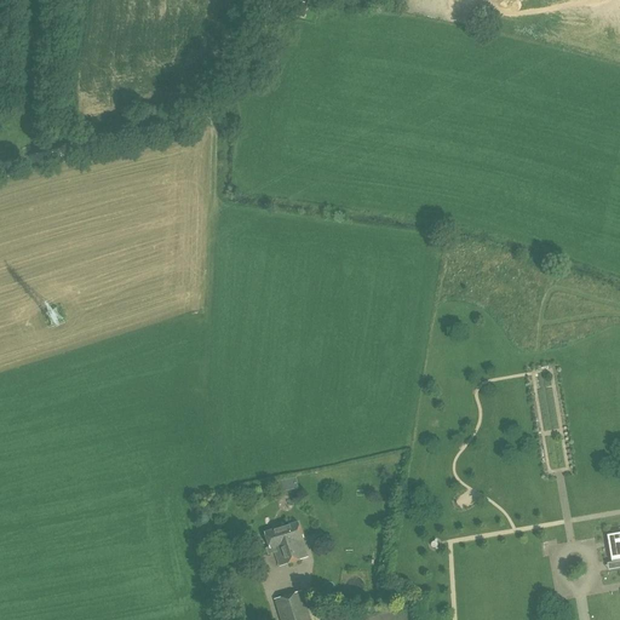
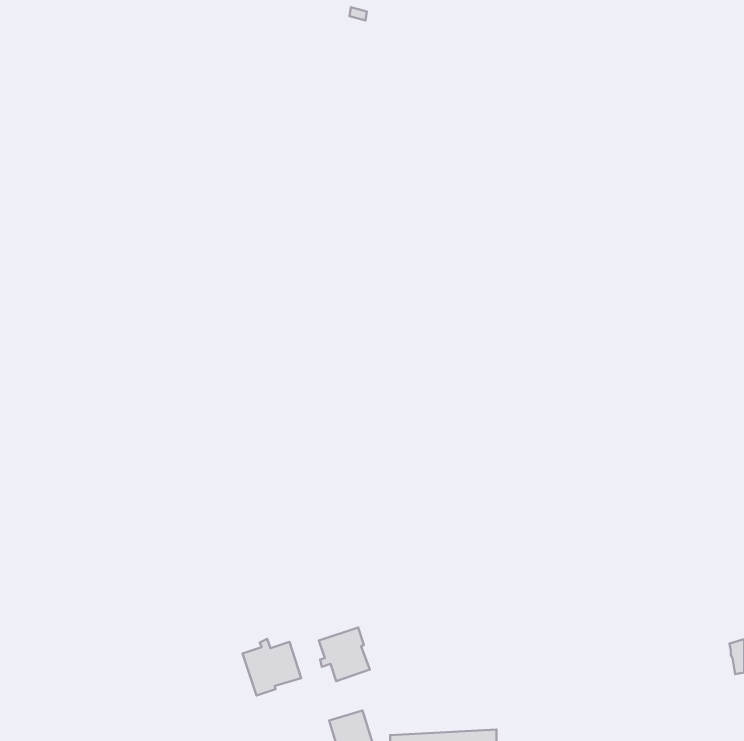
building: none -> [242,639,301,696]

